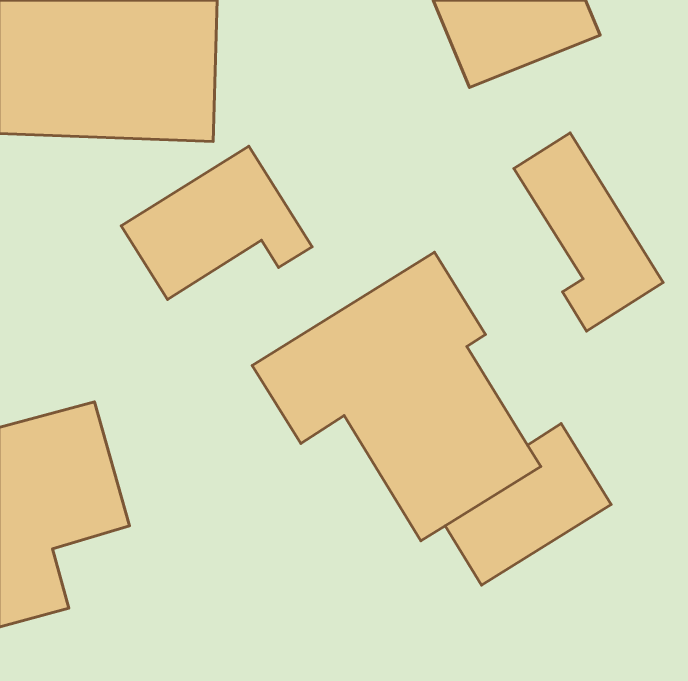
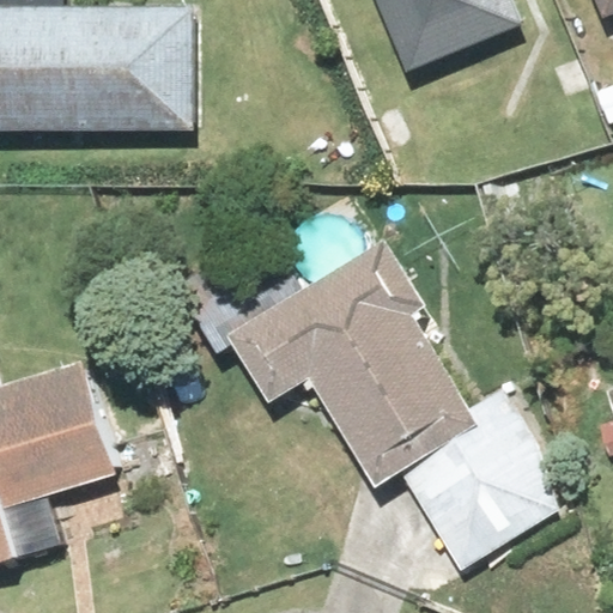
building: [514,133,663,331] -> none
building: [121,146,312,299] -> none

